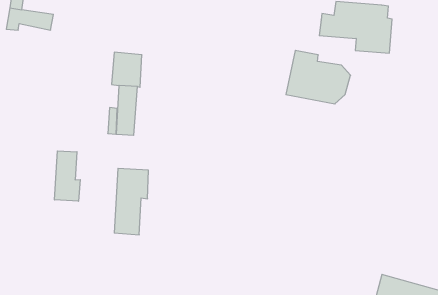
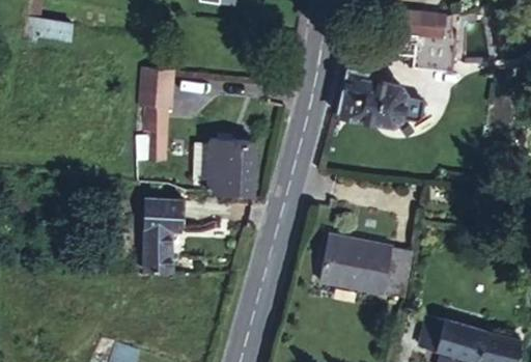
building: none -> [207,141,255,194]
building: [55,151,80,201] -> none
building: none -> [320,234,412,299]

